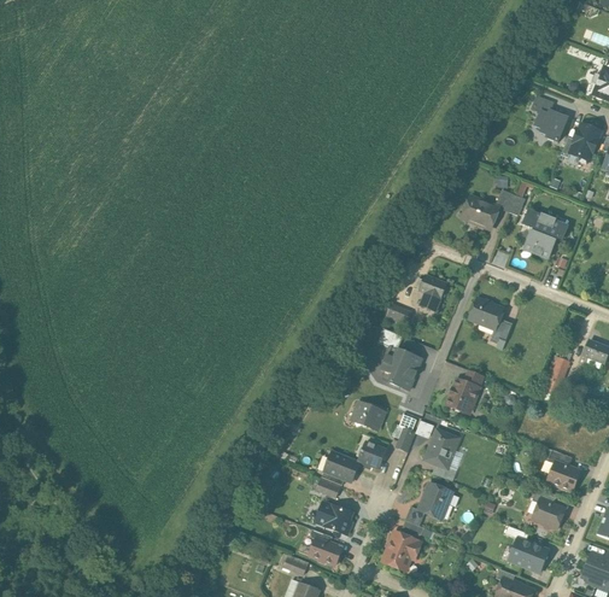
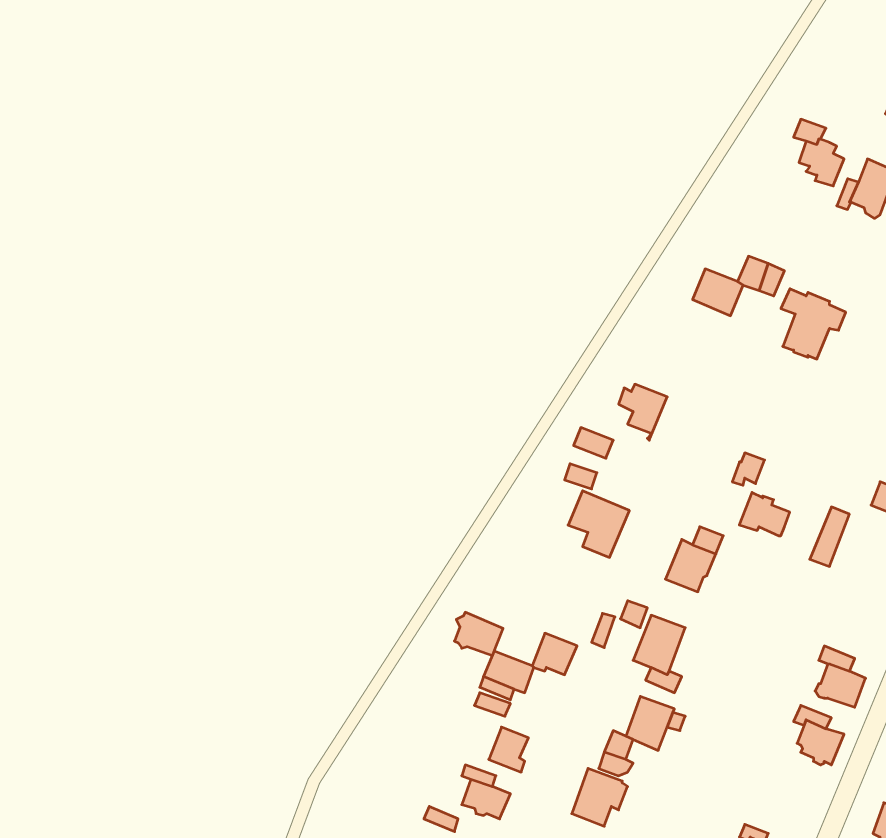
building: [469,297,503,326] -> [739,492,790,536]
building: [352,400,385,429] -> [454,612,503,656]
building: [509,537,549,572] -> none

